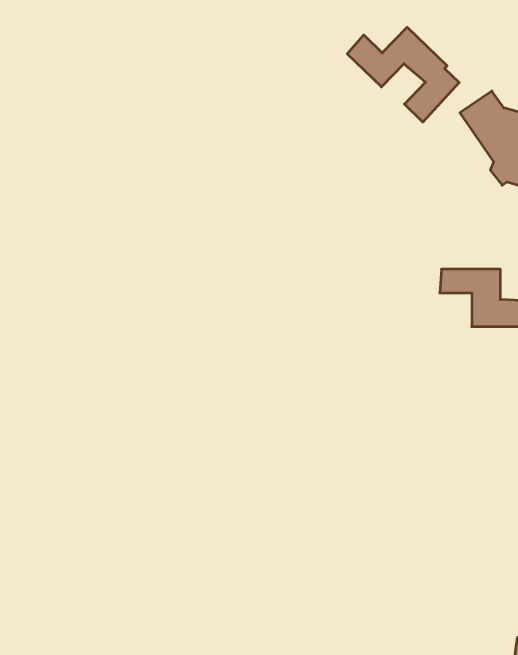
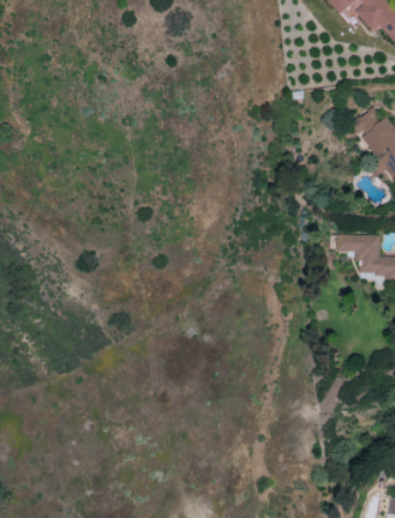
building: [347,27,459,122] -> none

